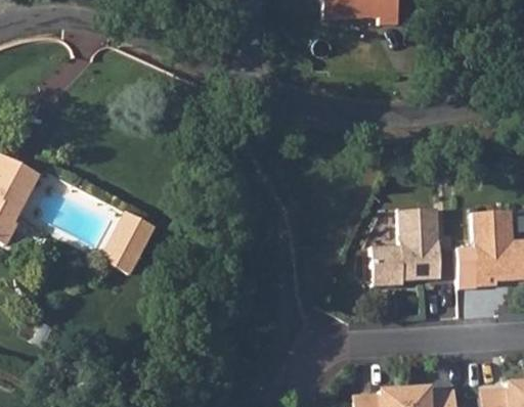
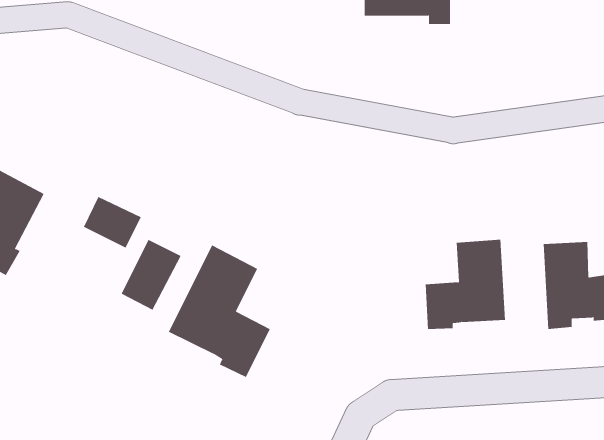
building: none -> [83,196,142,249]
building: none -> [168,244,271,378]

